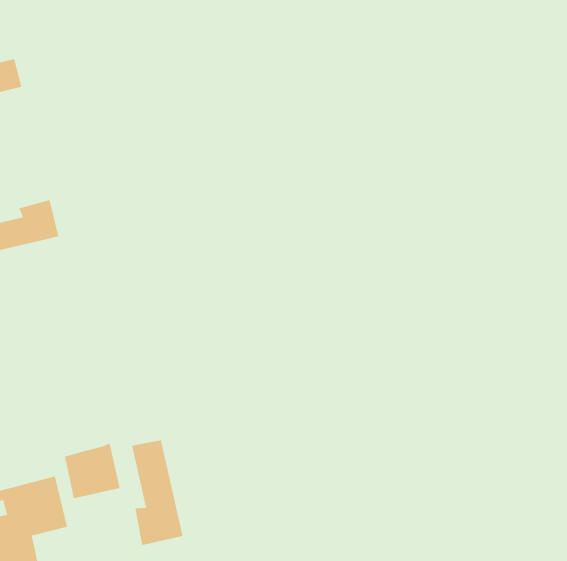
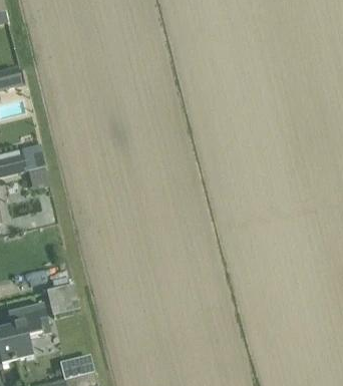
building: [131,439,183,546] -> none

